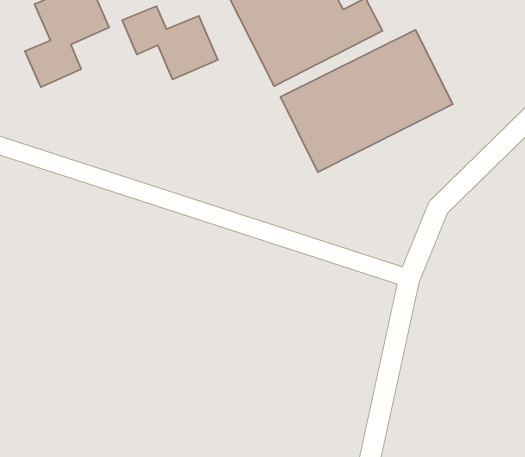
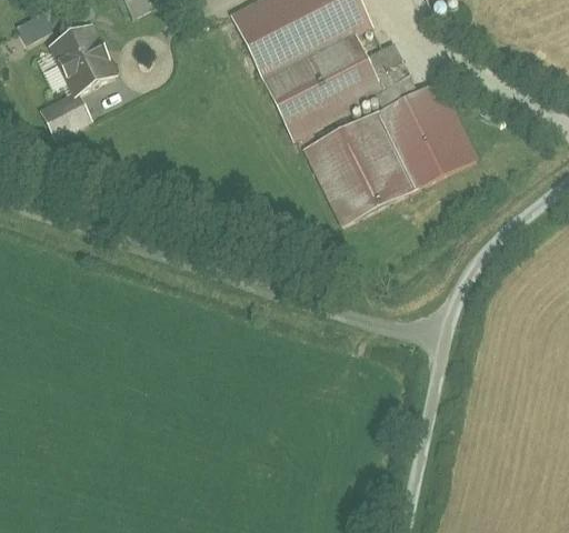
building: [122,6,218,79] -> none

